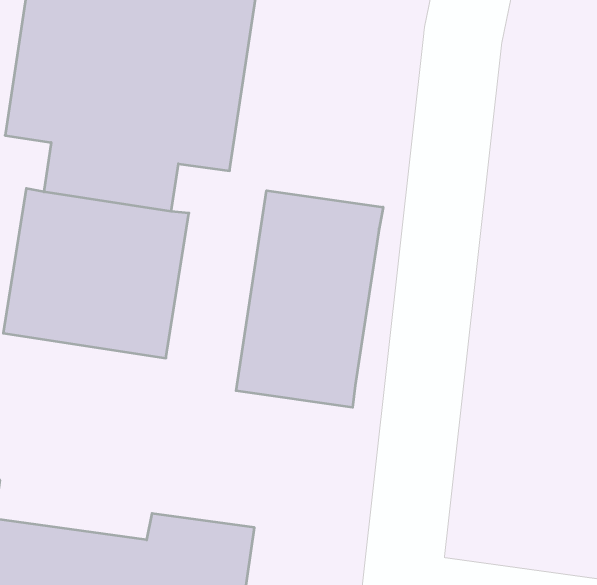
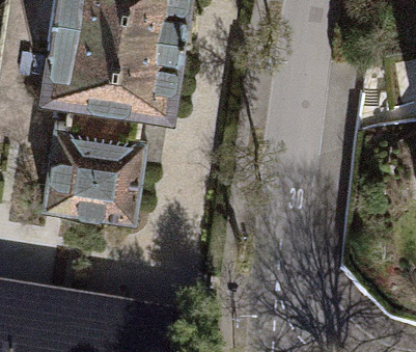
building: [236,191,383,407] -> none

